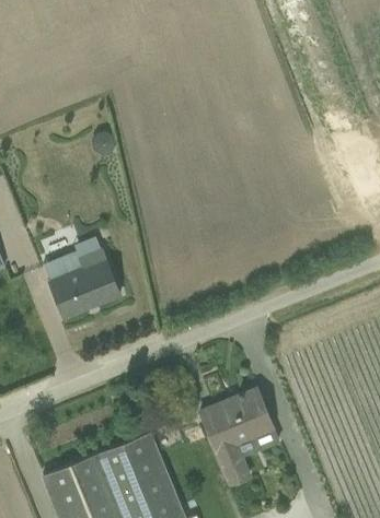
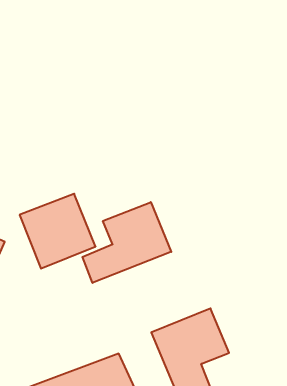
building: none -> [82,202,171,283]

